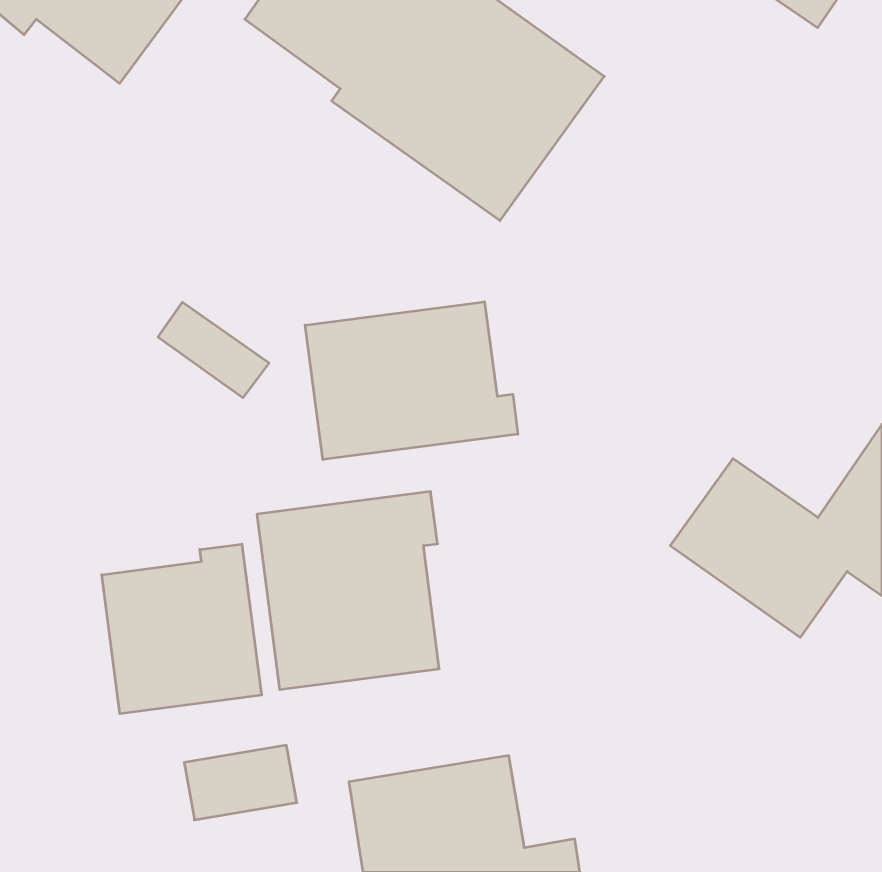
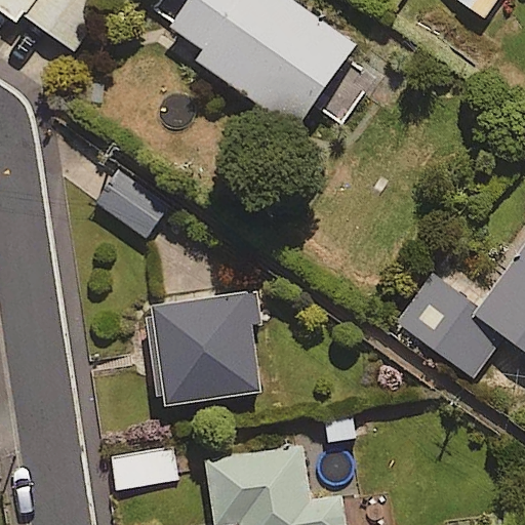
building: [305,302,518,460] -> none
building: [102,544,262,714] -> none

